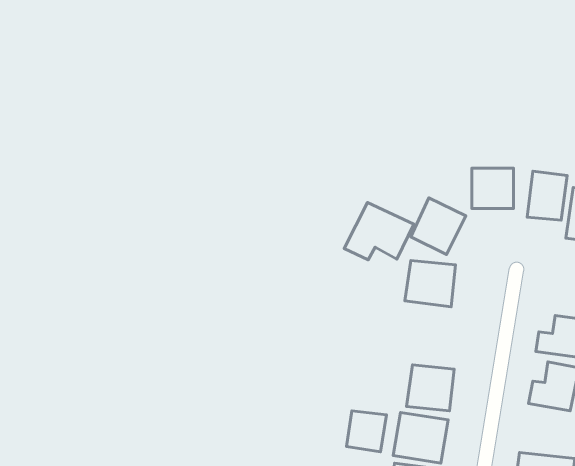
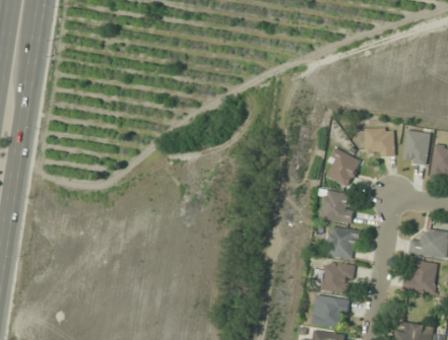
building: [344,202,414,260] -> none
building: none -> [328,227,357,258]
building: [346,411,387,452] -> none

